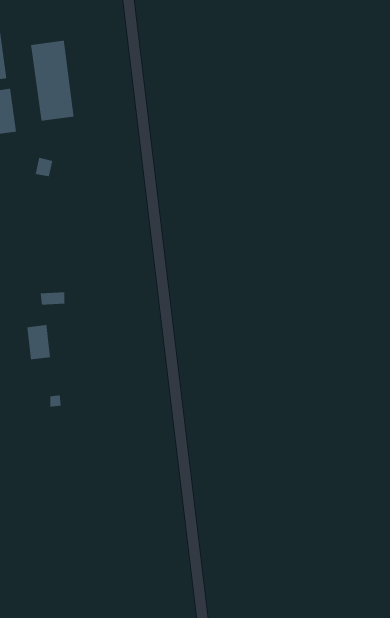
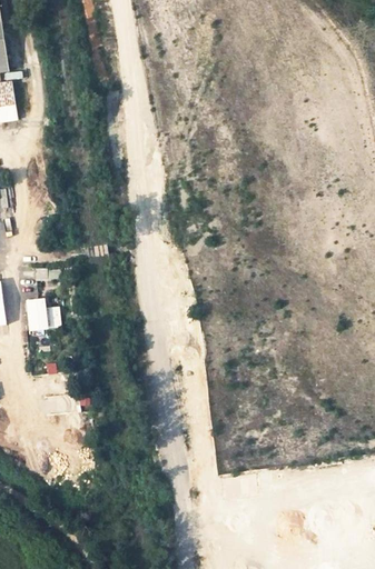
building: [30,40,74,122] -> none

